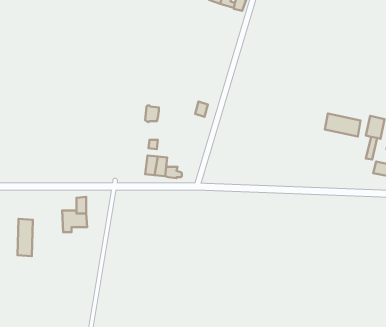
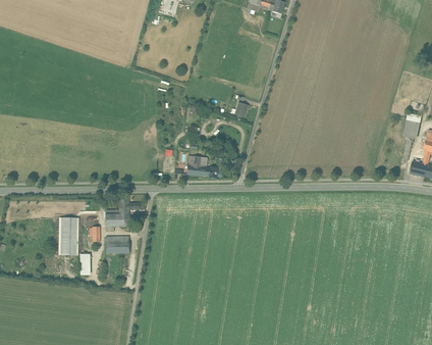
building: [325,114,361,136] -> none
building: none -> [106,236,129,253]

